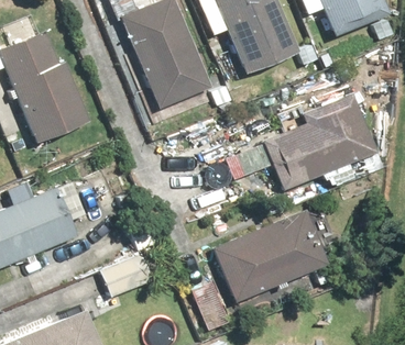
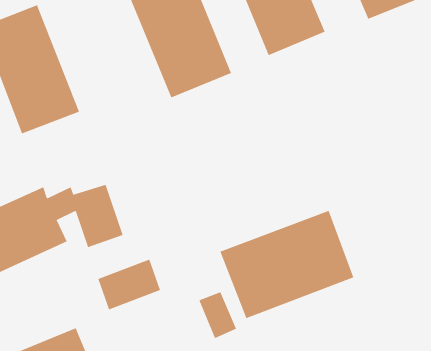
building: [220,94,382,194] -> none

